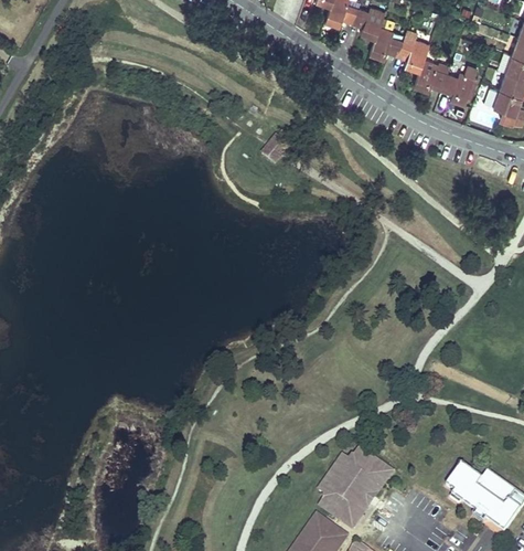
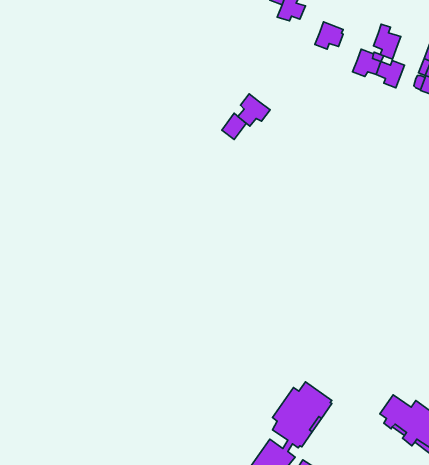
building: [352,7,385,39] -> none
building: [397,30,429,71] -> [374,24,401,59]
building: none -> [238,94,270,126]

